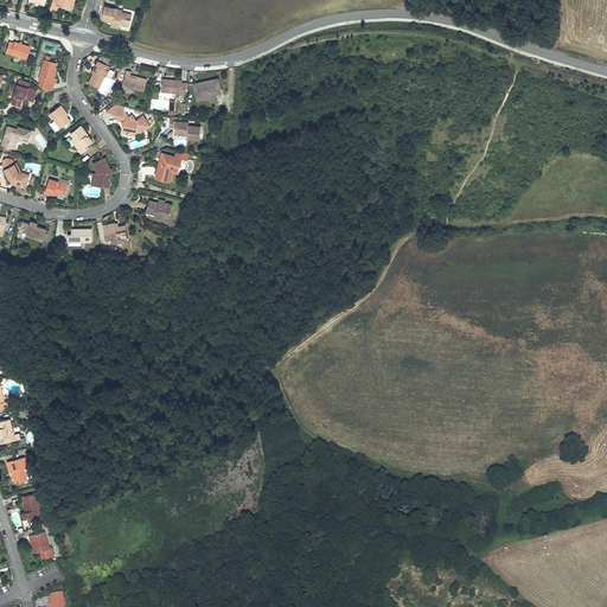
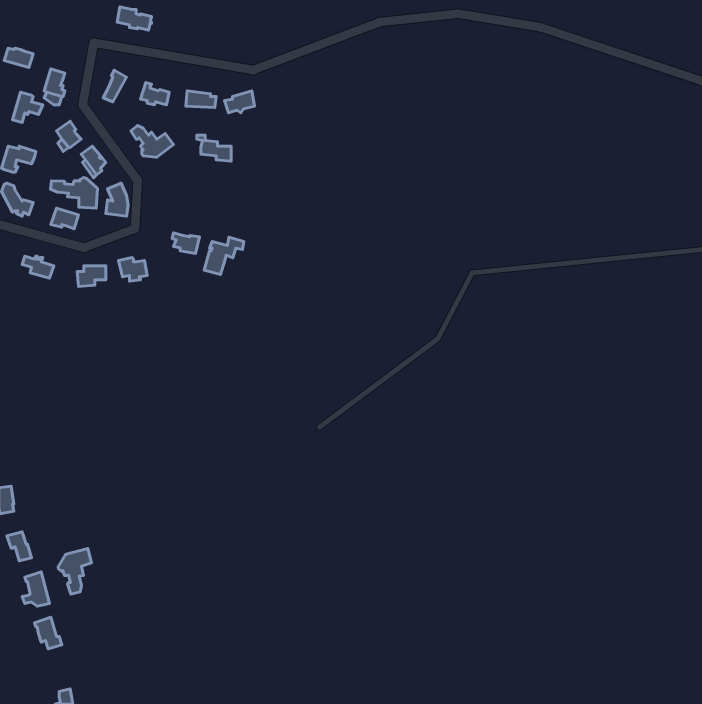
building: [154,149,189,181] -> [204,237,244,274]
building: none -> [51,178,97,208]
building: none -> [58,549,92,594]

